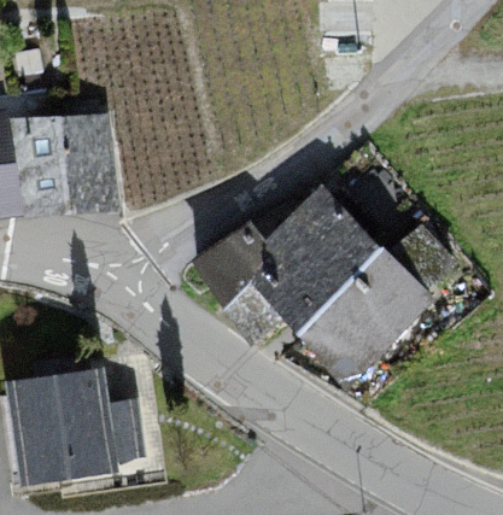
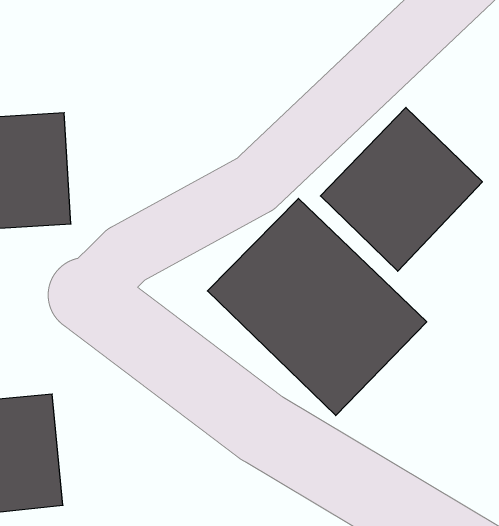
building: none -> [320,107,482,271]

